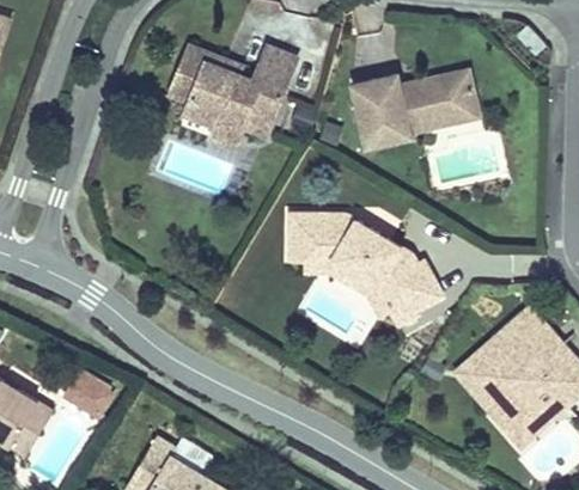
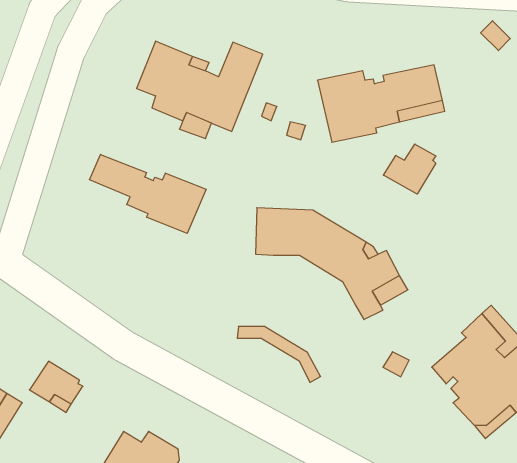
building: none -> [383,144,436,194]
building: none -> [90,154,206,233]
building: [305,259,389,316] -> [237,326,321,382]

